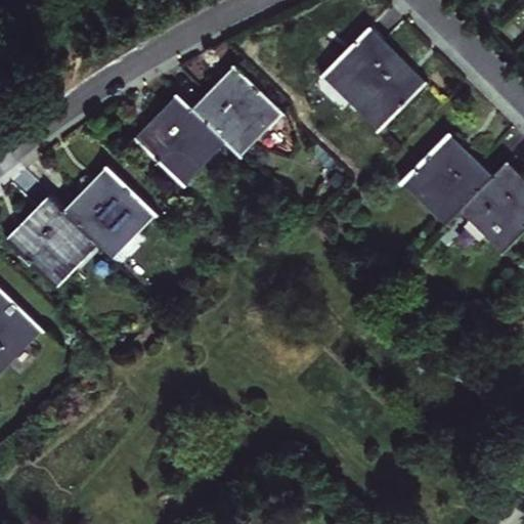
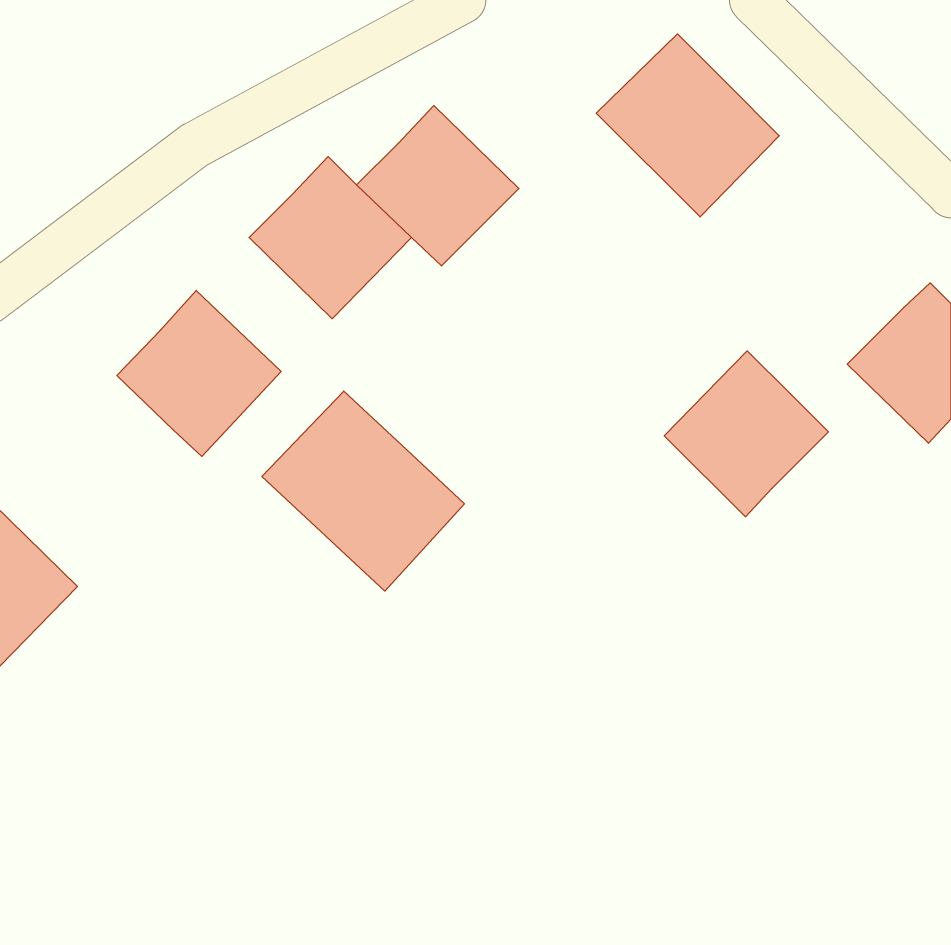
building: [401,133,490,223] -> [664,351,828,517]
building: [6,198,94,293] -> none
building: none -> [262,391,464,591]

